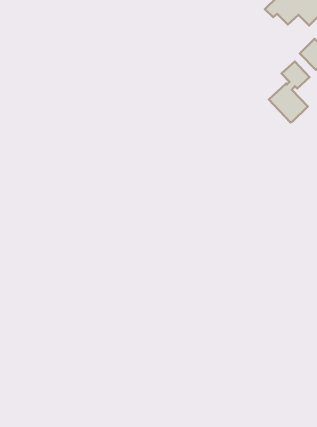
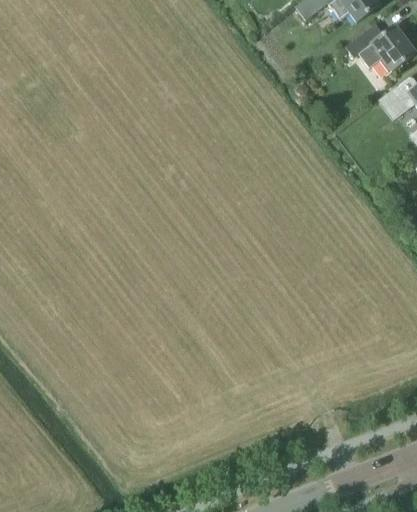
building: [269,61,310,123] -> none

